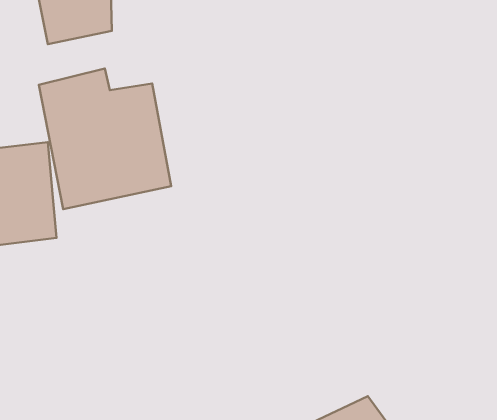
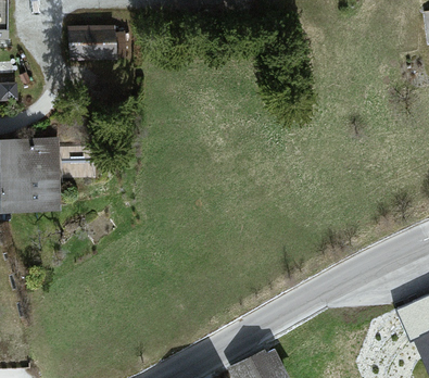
building: [39,68,171,209] -> none

